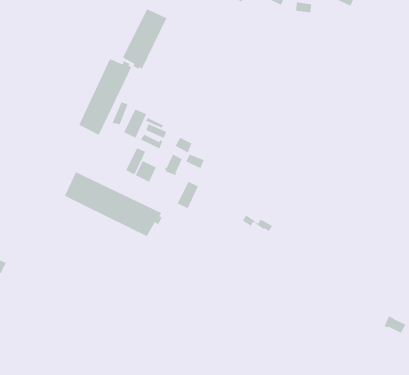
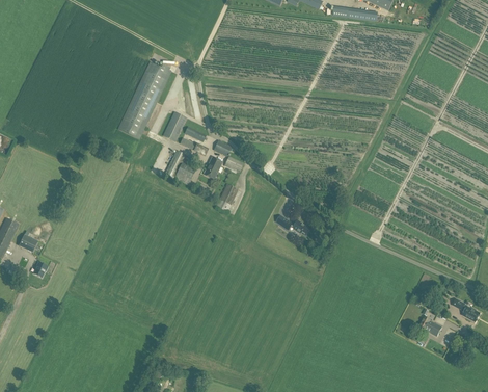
building: [122,8,168,70] -> none
building: [64,171,163,237] -> none

